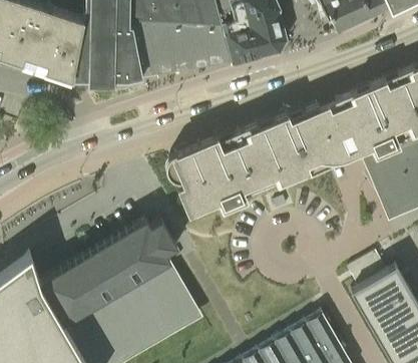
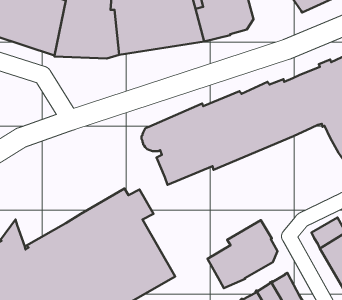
building: none -> [207,220,278,288]

